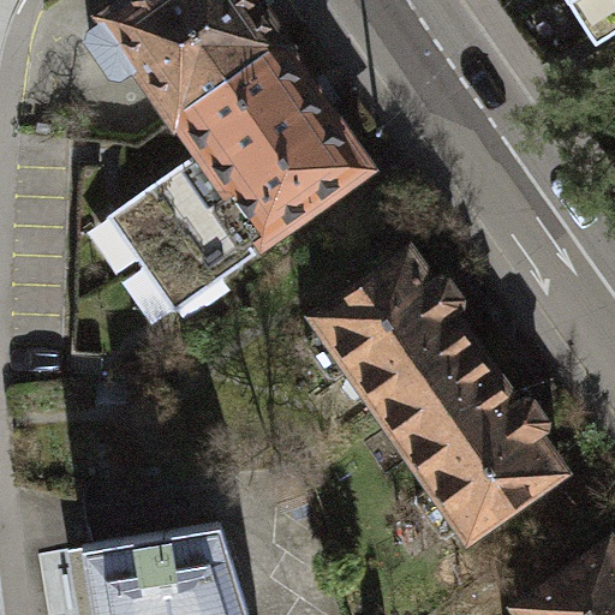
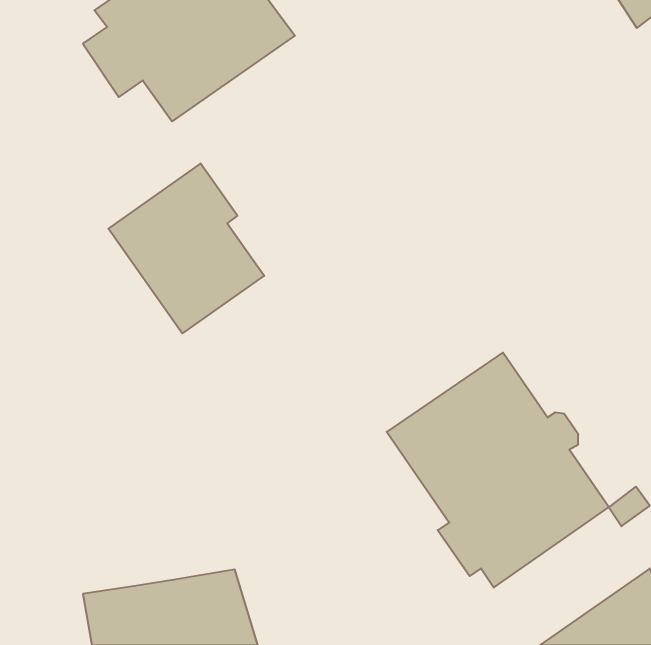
building: [163,34,380,257] -> none
building: [300,241,474,406] -> none

